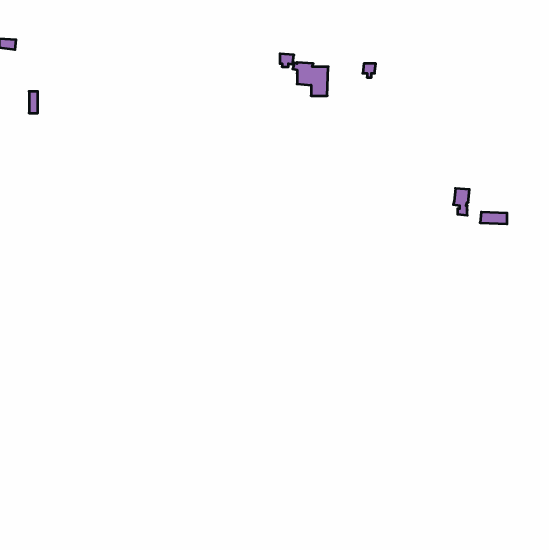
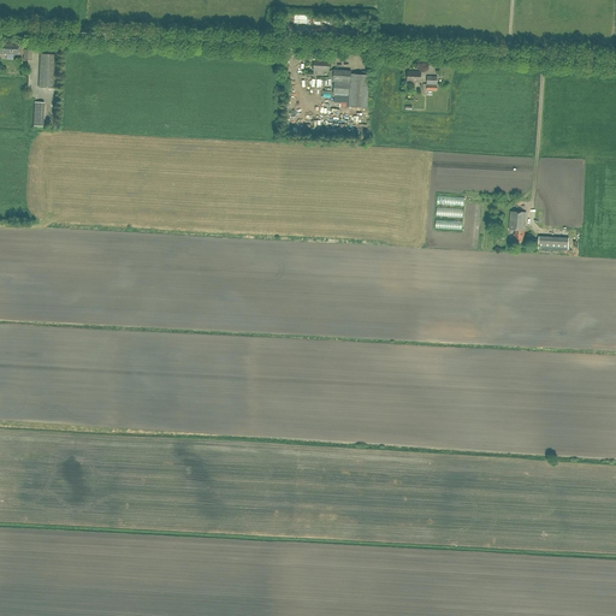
building: none -> [36,54,57,89]

